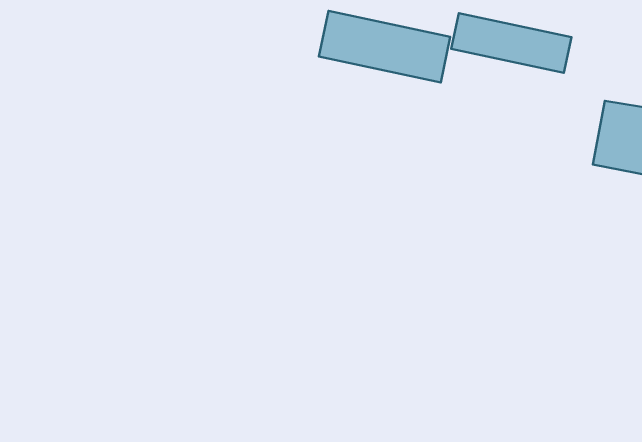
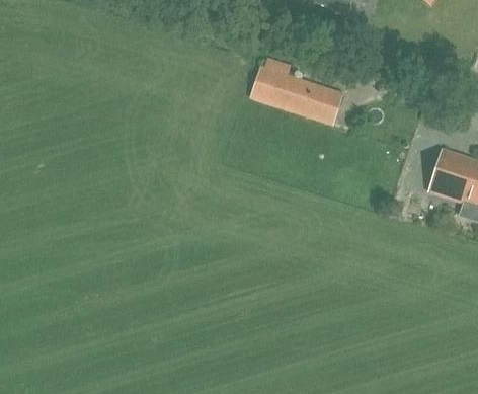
building: [451,13,572,73] -> none

